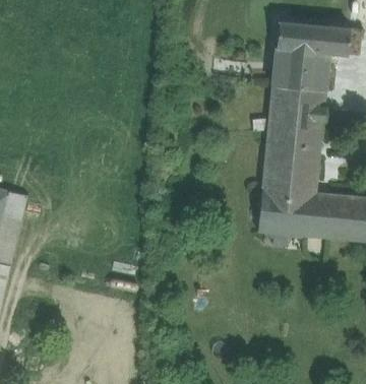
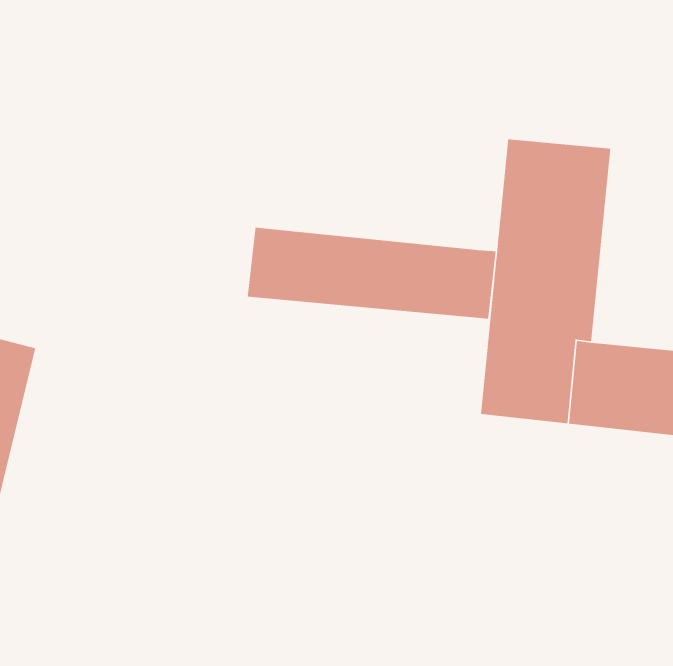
building: [272,21,350,91] -> none
building: none -> [247,227,496,320]

